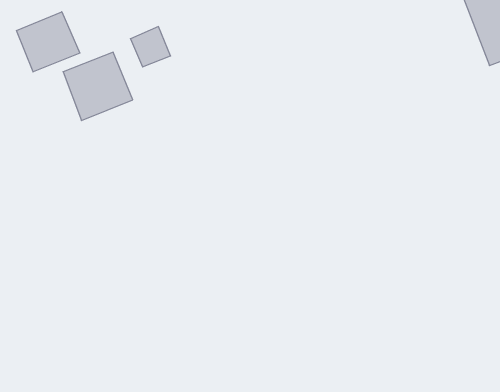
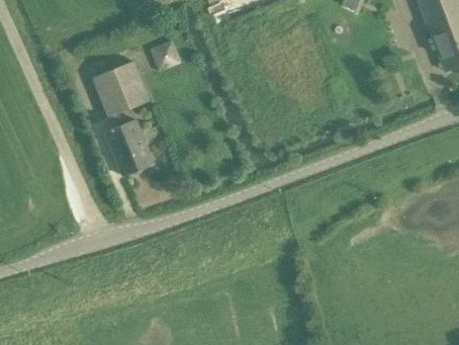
building: [17,12,80,72] -> none
building: none -> [105,119,154,177]

